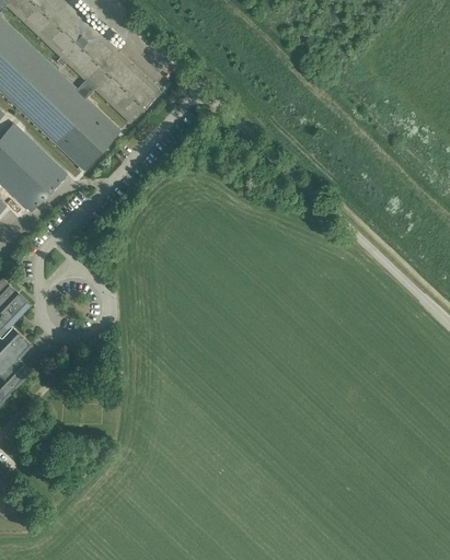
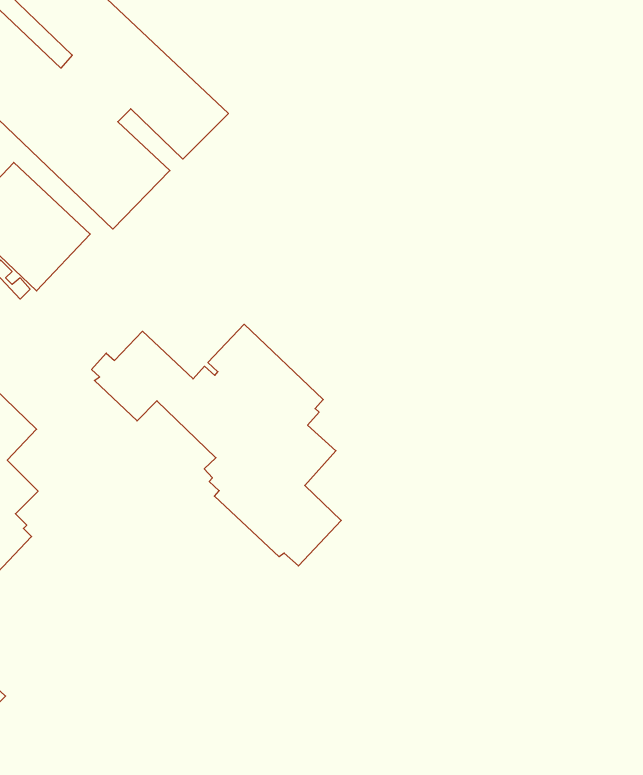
building: none -> [92,324,341,566]

